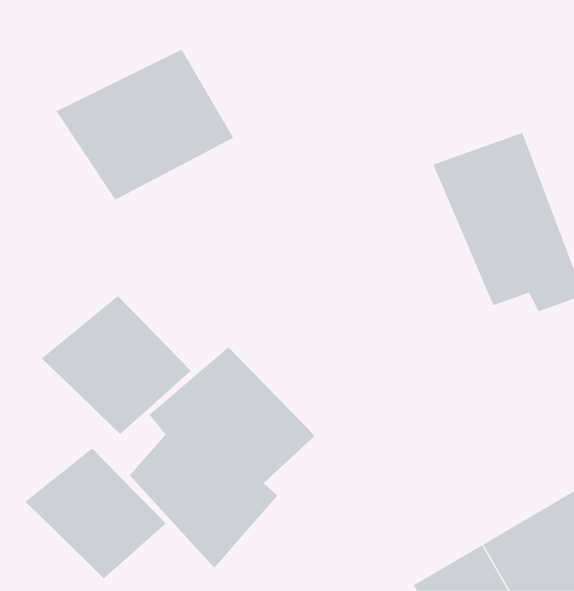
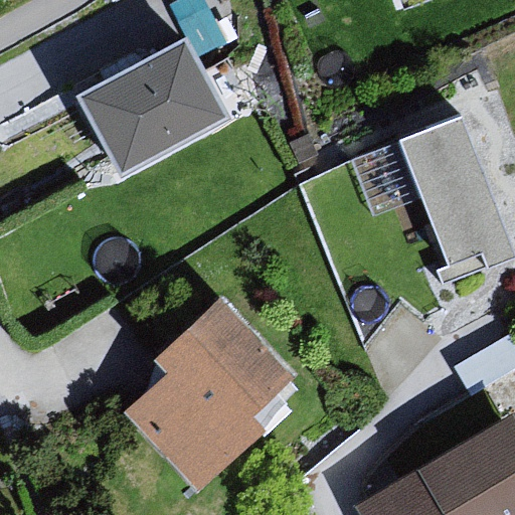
building: [41,295,191,435] -> none
building: [24,448,166,579] -> none

